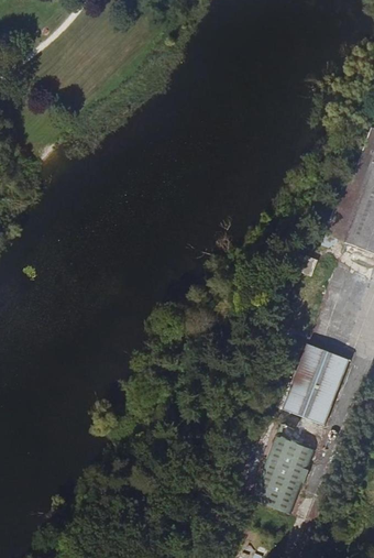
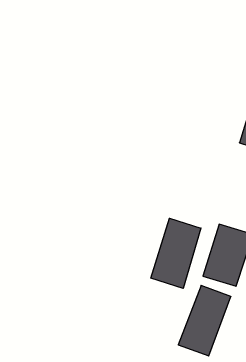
building: none -> [151,218,201,288]

